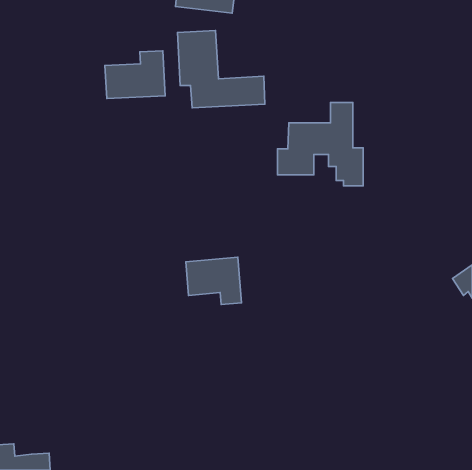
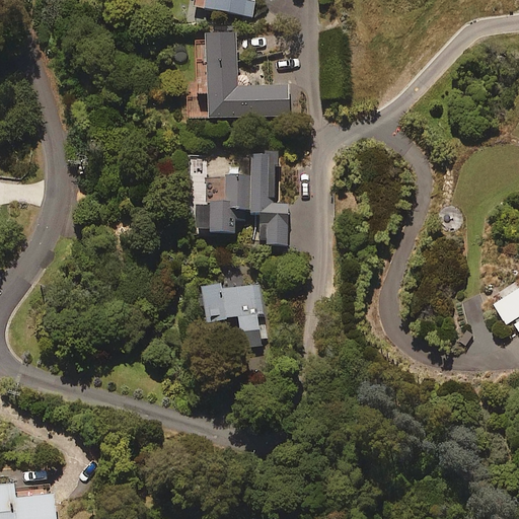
building: [105,51,165,98] -> none
building: [278,102,363,186] -> [194,153,287,244]

